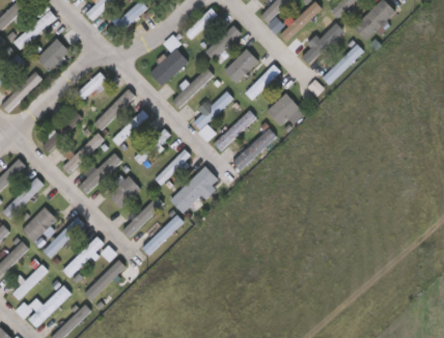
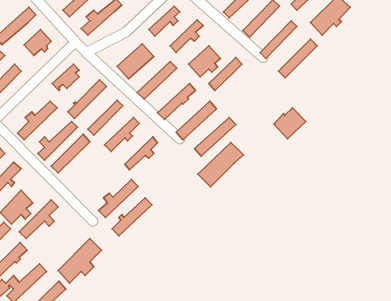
building: [263,92,298,125] -> [274,108,306,139]
building: [169,165,218,213] -> [198,142,243,187]
building: [107,174,141,207] -> none
building: [62,235,103,277] -> none

